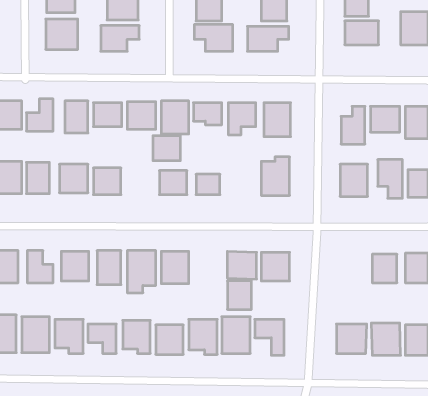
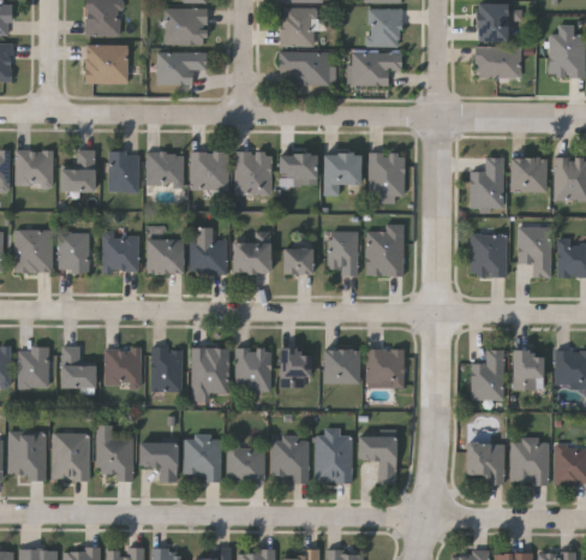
building: [153,136,180,161] -> [190,239,226,272]
building: none -> [328,231,358,273]
building: none -> [471,348,504,398]
building: [227,281,251,309] -> [279,348,310,386]

